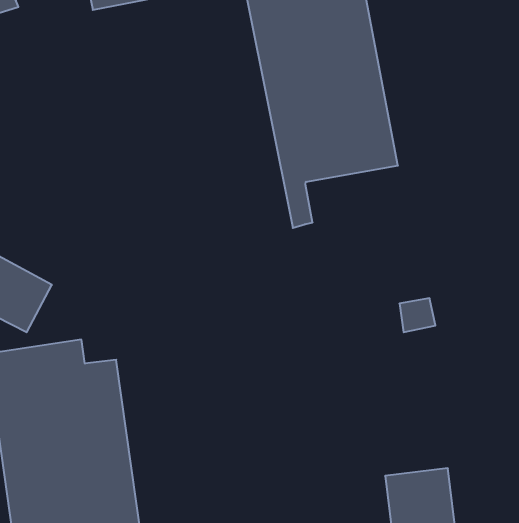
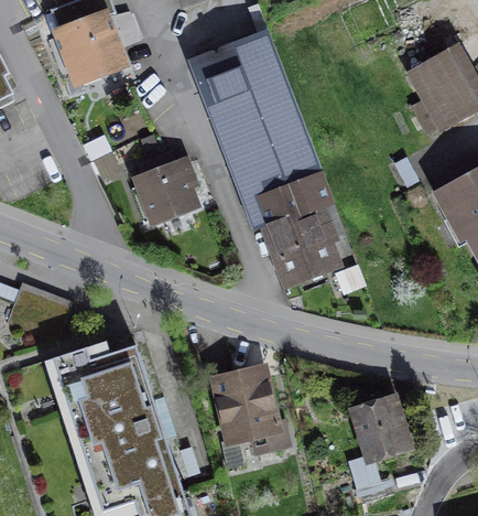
building: none -> [127,155,200,229]
building: none -> [254,170,346,288]
building: none -> [207,365,285,453]

